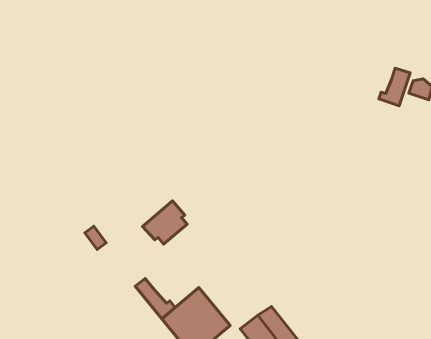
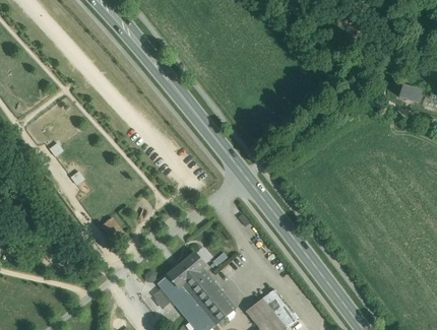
building: [379,68,410,106] -> none
building: [142,201,187,244] -> [166,251,206,290]

